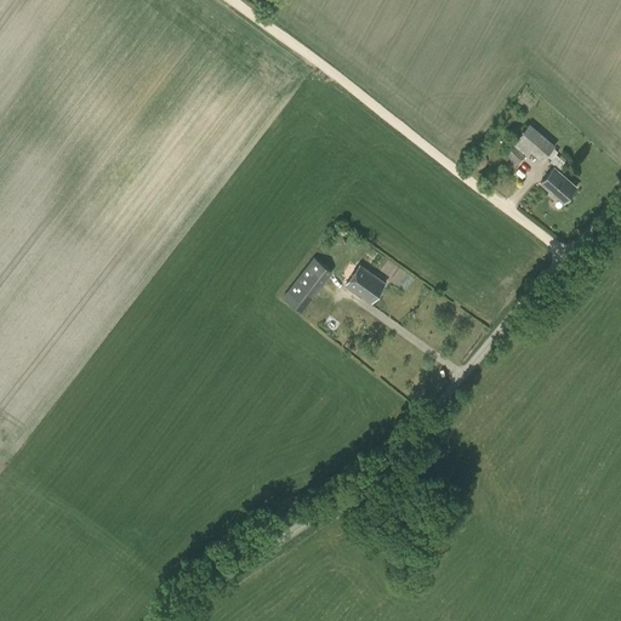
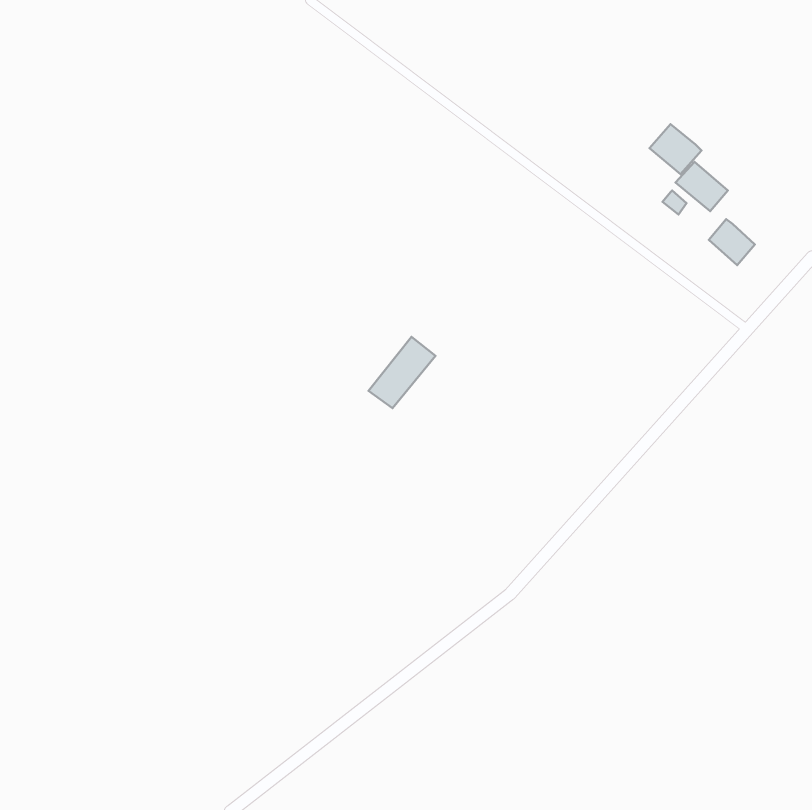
building: none -> [650,124,701,174]
building: [346,266,384,303] -> none

